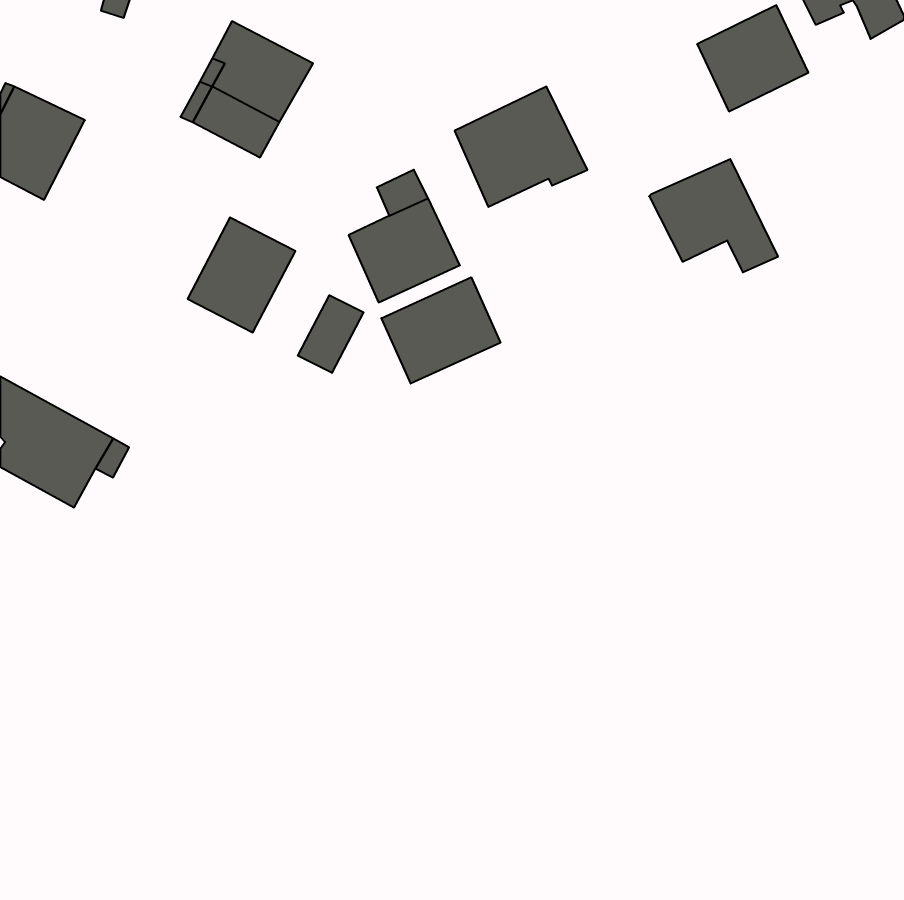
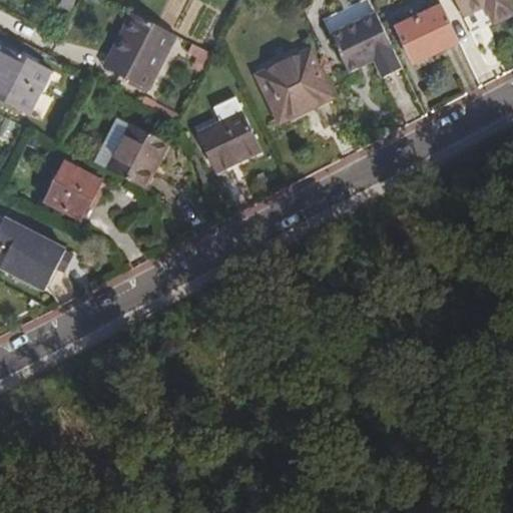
building: [649,159,778,272] -> [329,12,402,76]
building: [381,277,500,384] -> none
building: none -> [45,161,100,219]
building: [298,295,364,373] -> none

